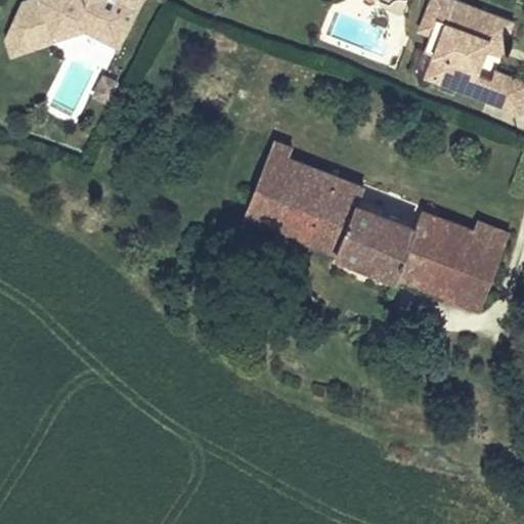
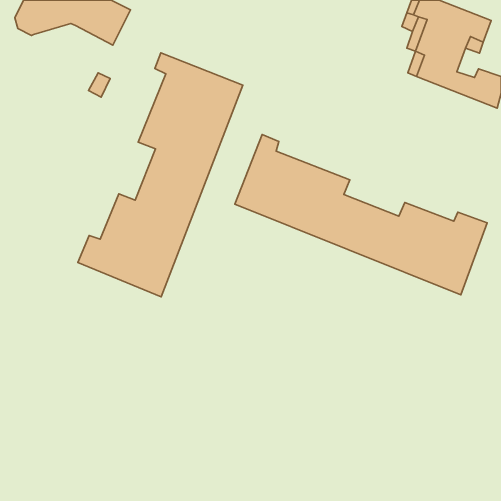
building: [6,19,79,54] -> none
building: none -> [78,53,243,297]

